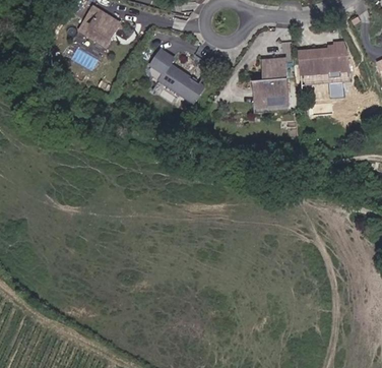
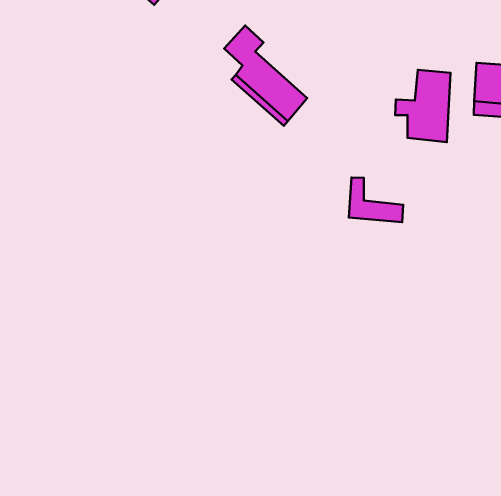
building: [255,86,289,111] -> [349,178,403,222]

